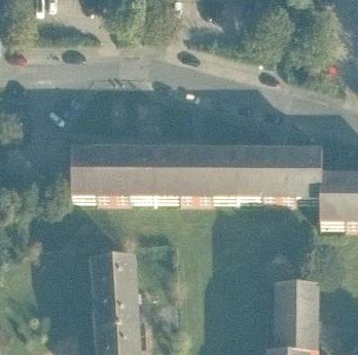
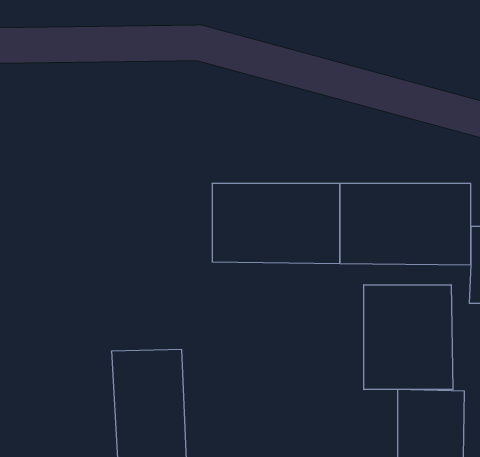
building: [72,147,155,197] -> none
building: none -> [364,285,453,390]

